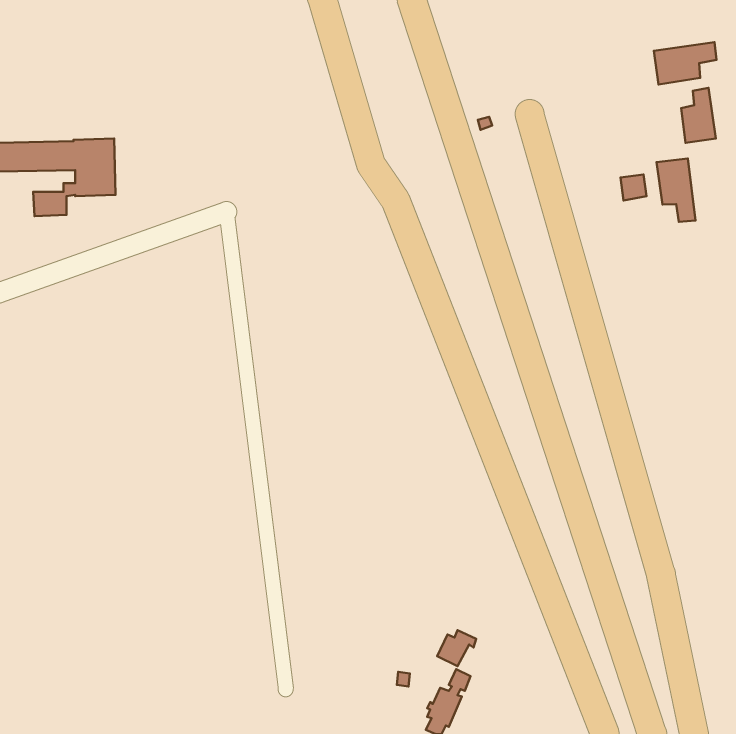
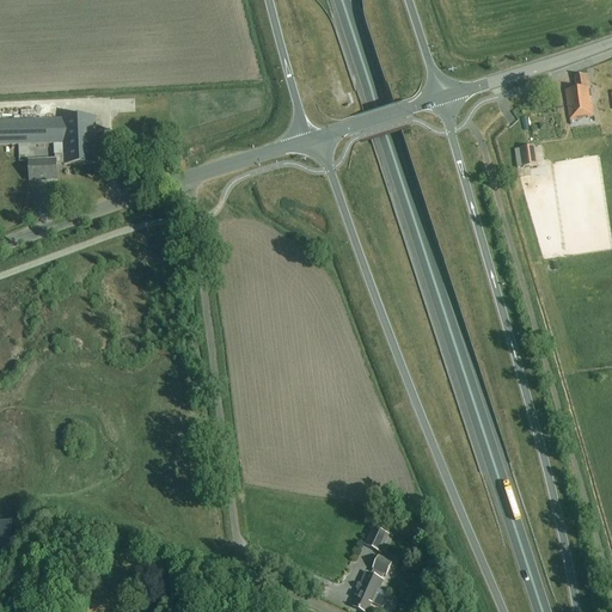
building: [654,42,716,84] -> none
building: [656,158,696,222] -> none

